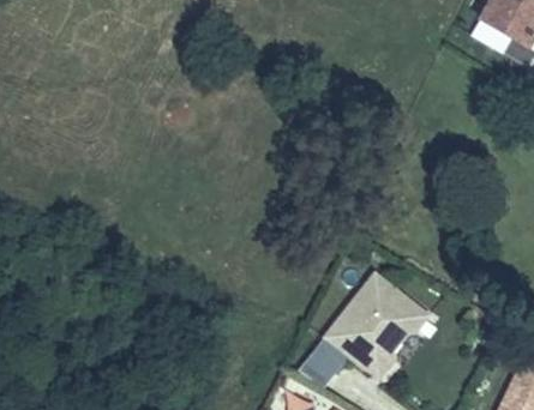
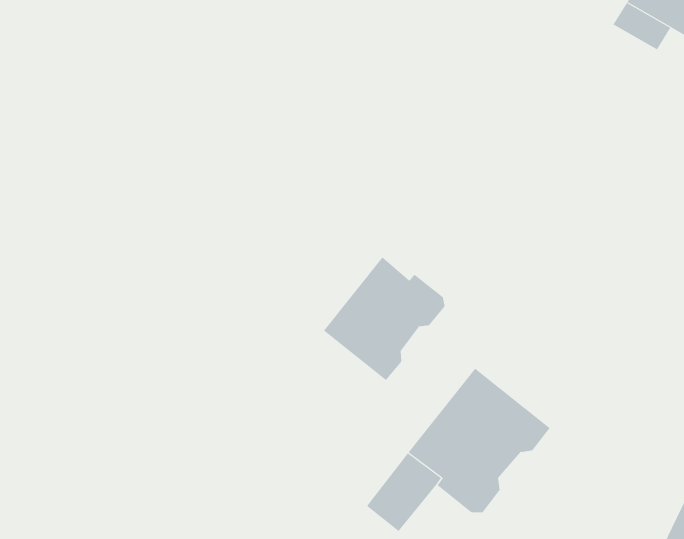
building: none -> [323,257,445,381]

